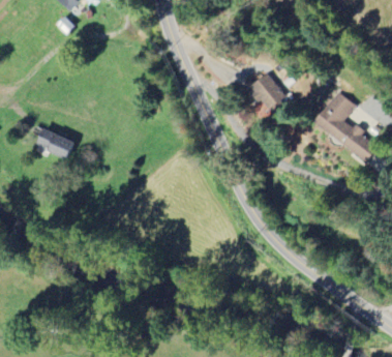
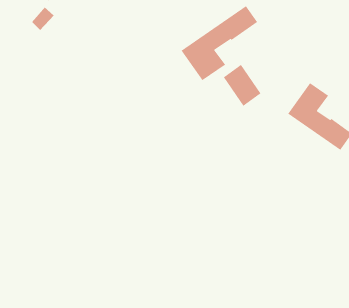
building: none -> [180,5,258,81]
building: [33,129,71,159] -> none

